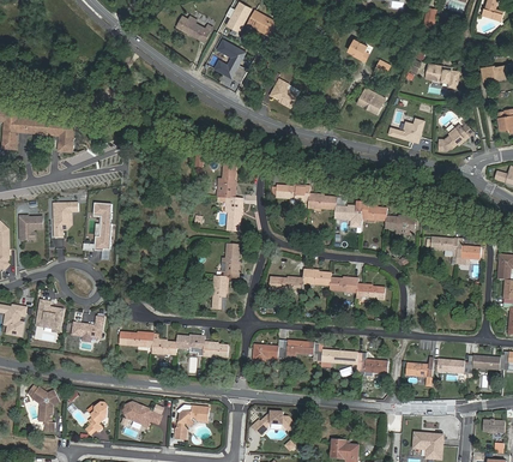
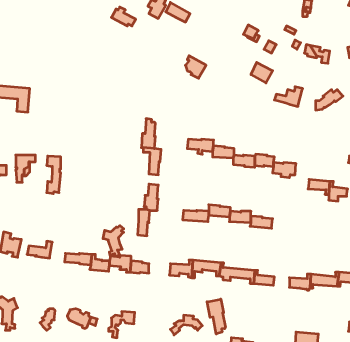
building: [213,40,246,83] -> none
building: none -> [103,226,124,256]
building: none -> [207,299,225,334]

